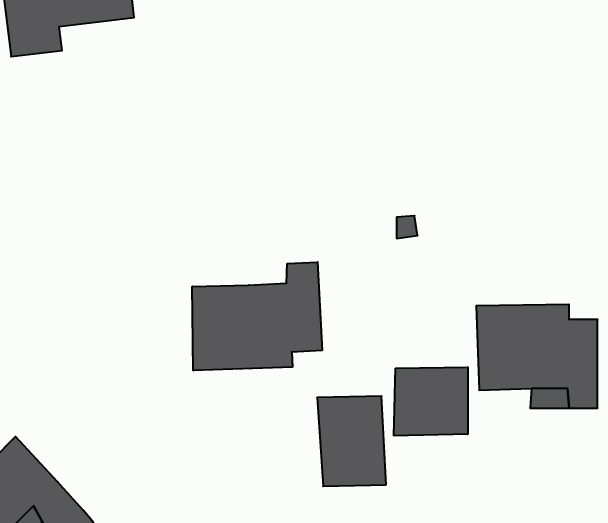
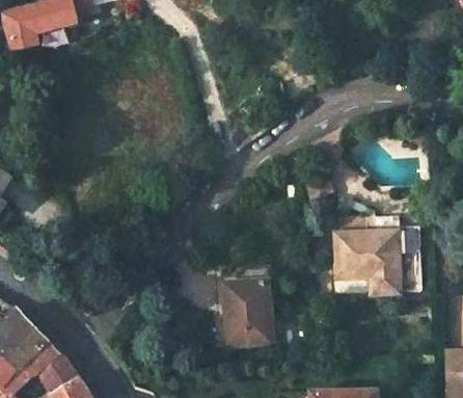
building: [192,262,322,371] -> none
building: [394,367,468,436] -> none

